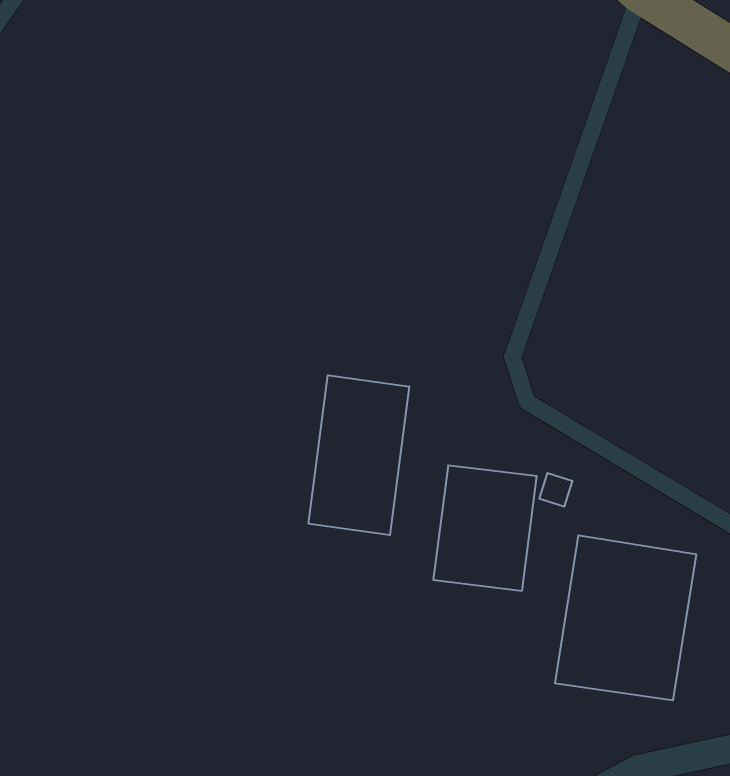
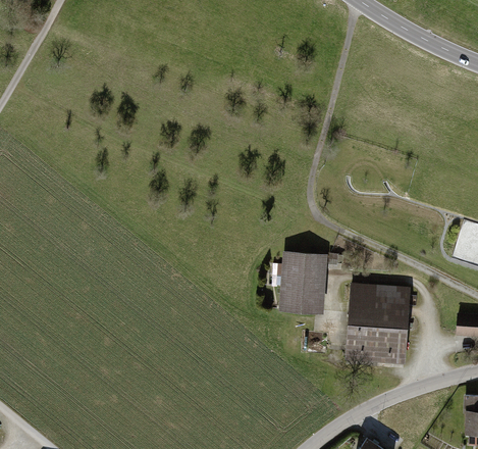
building: [309,375,409,535] -> none

